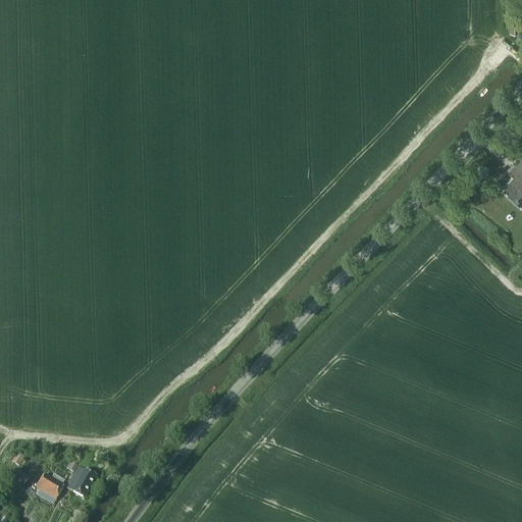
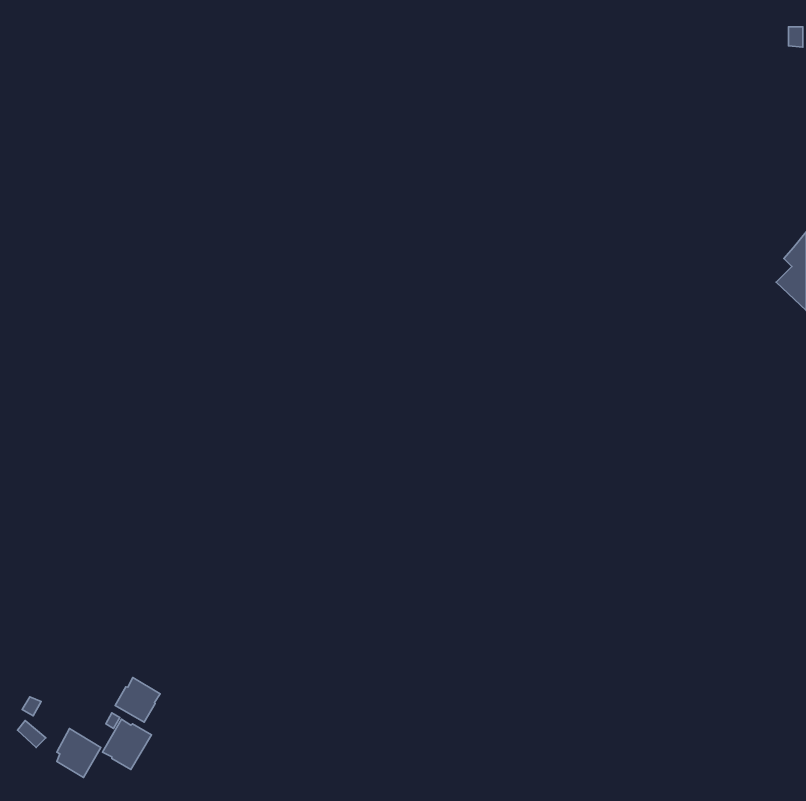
building: none -> [115,677,160,722]

